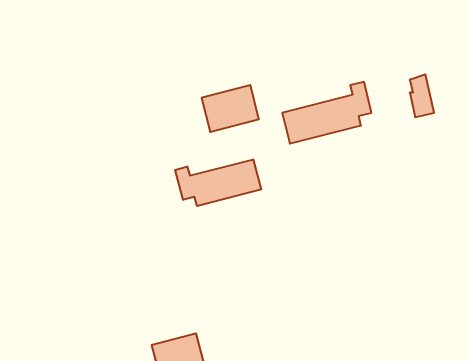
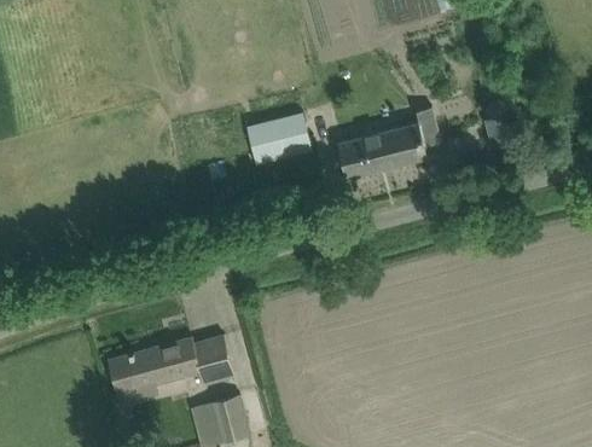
building: [175,159,261,206] -> none
building: none -> [108,336,234,414]

